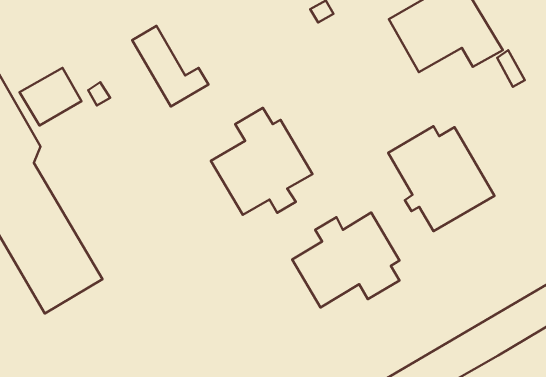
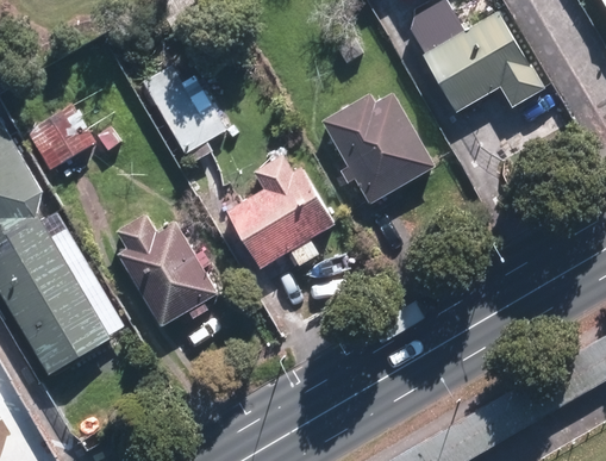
building: [388,126,494,231] -> [319,94,433,207]
building: none -> [118,211,220,324]
building: [292,213,399,307] -> none

